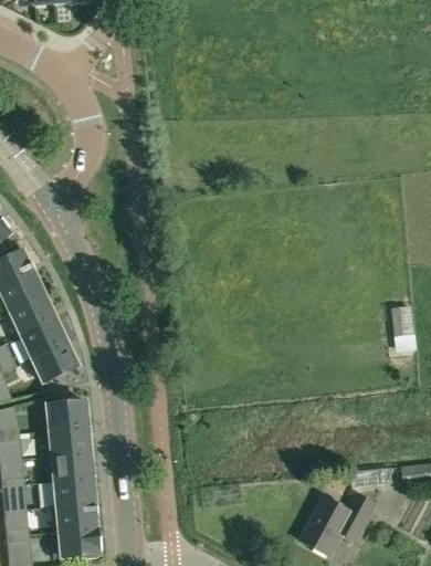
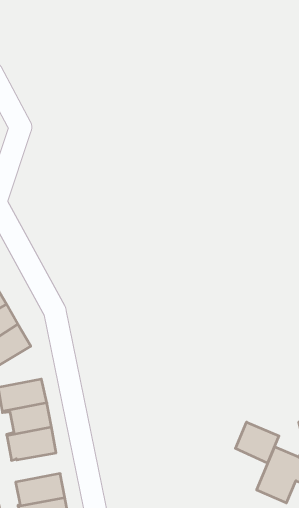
building: none -> [235,422,279,463]
building: [49,479,96,505] -> none

